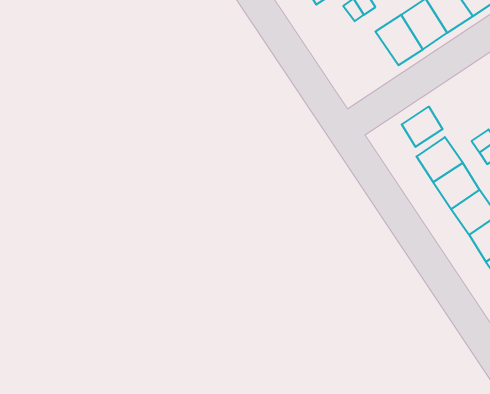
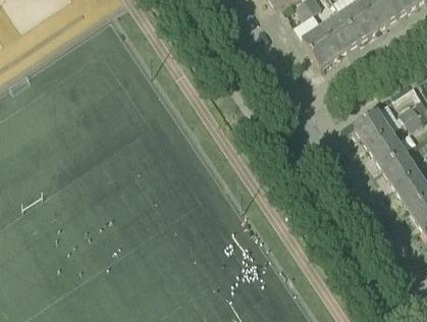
building: none -> [303,26,340,66]
building: [402,107,443,147] -> none

